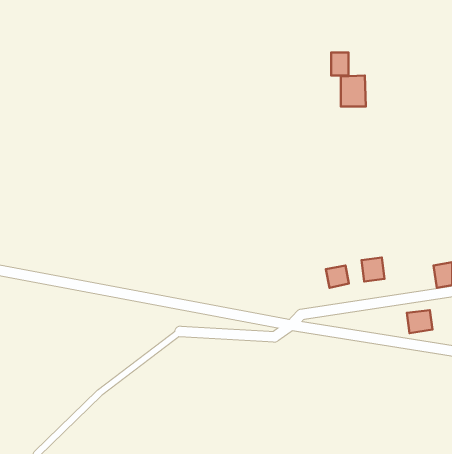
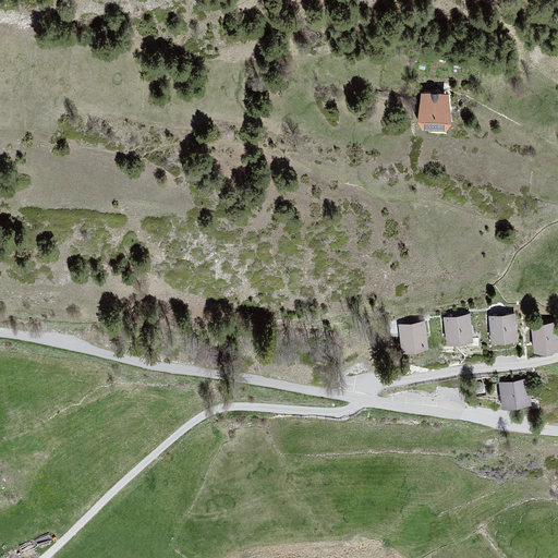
building: [331,52,349,76] -> none
building: none -> [489,315,518,343]

